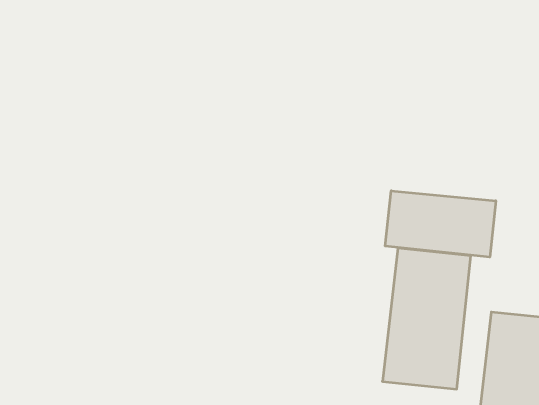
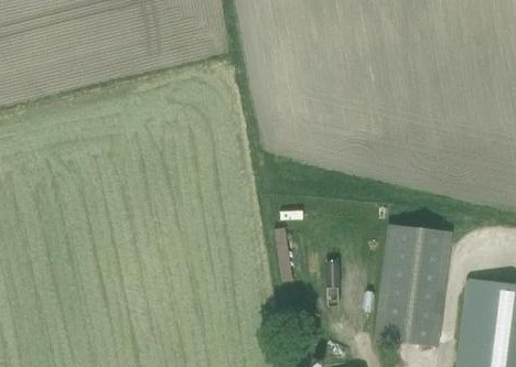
building: [385,191,496,257] -> none

